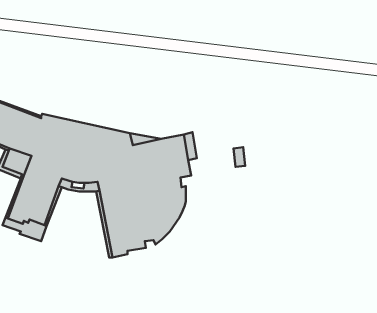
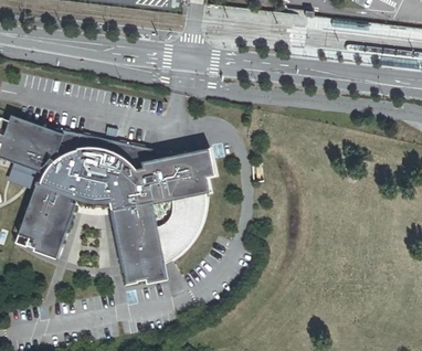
building: none -> [125,258,172,285]

